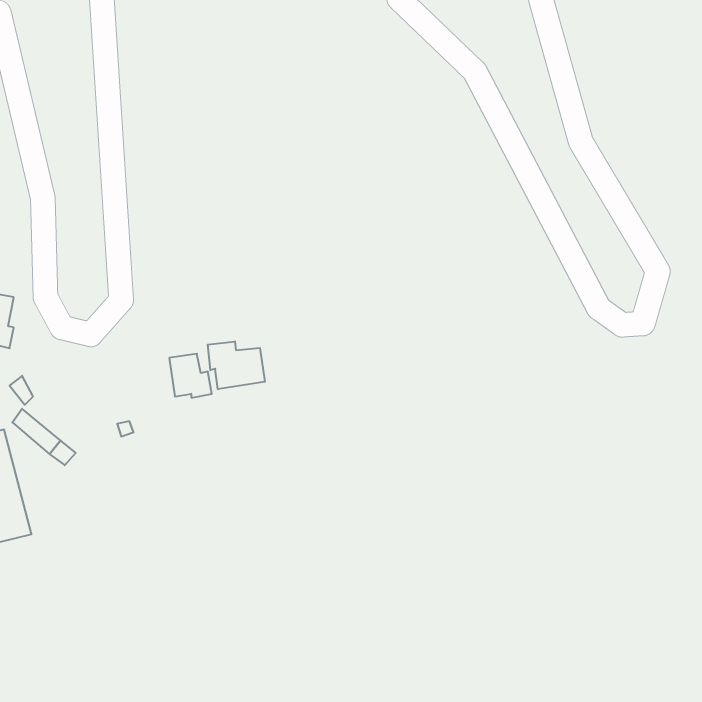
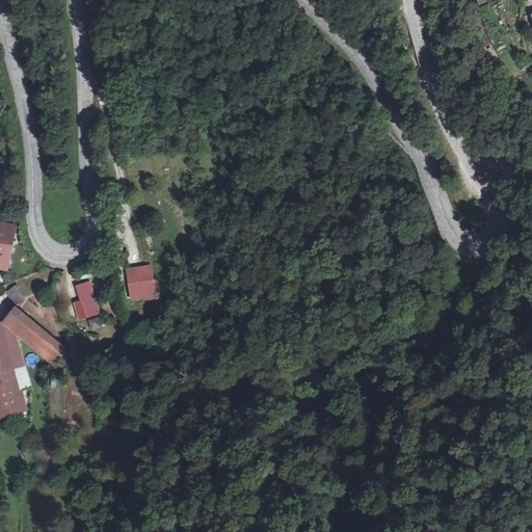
building: [208,341,265,389] -> none
building: none -> [76,283,98,318]

